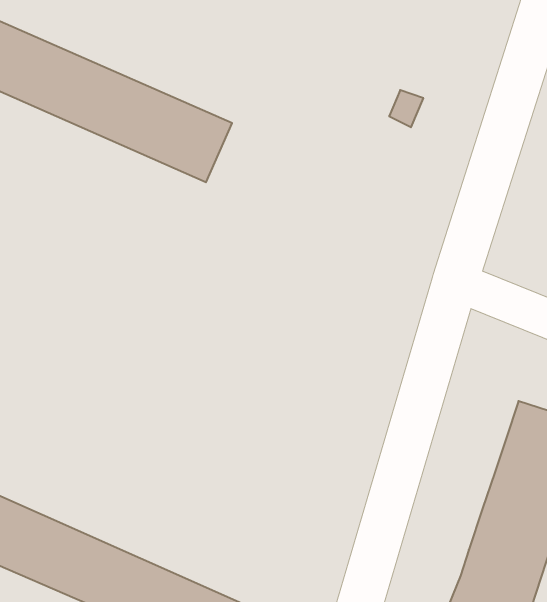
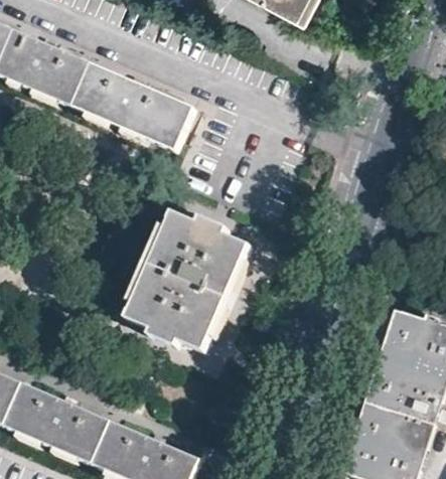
building: none -> [124,211,248,352]

